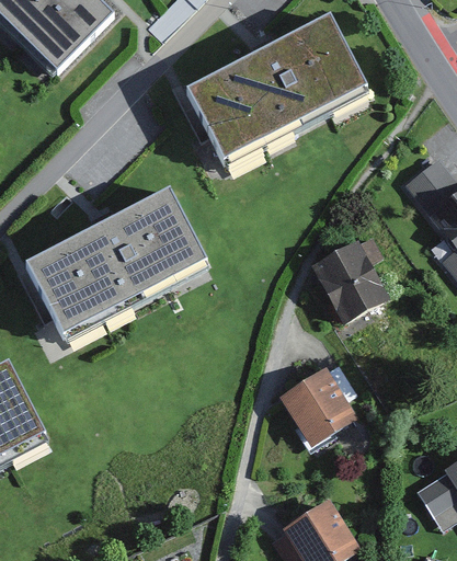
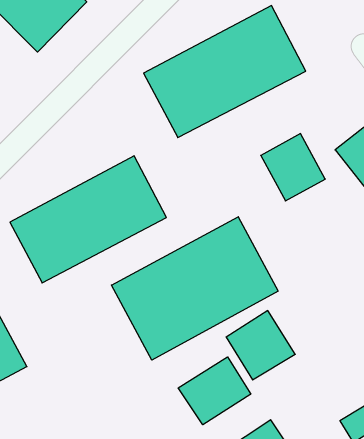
building: [312,241,387,319] -> [261,134,325,201]
building: none -> [111,217,278,360]
building: none -> [178,357,251,425]

